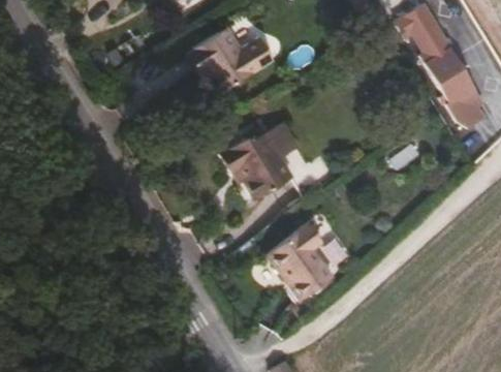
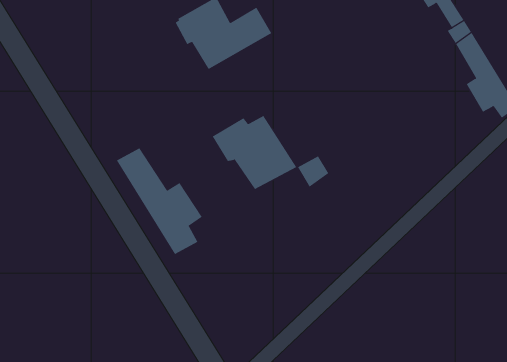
building: none -> [116,148,203,255]
building: [270,221,334,287] -> none

